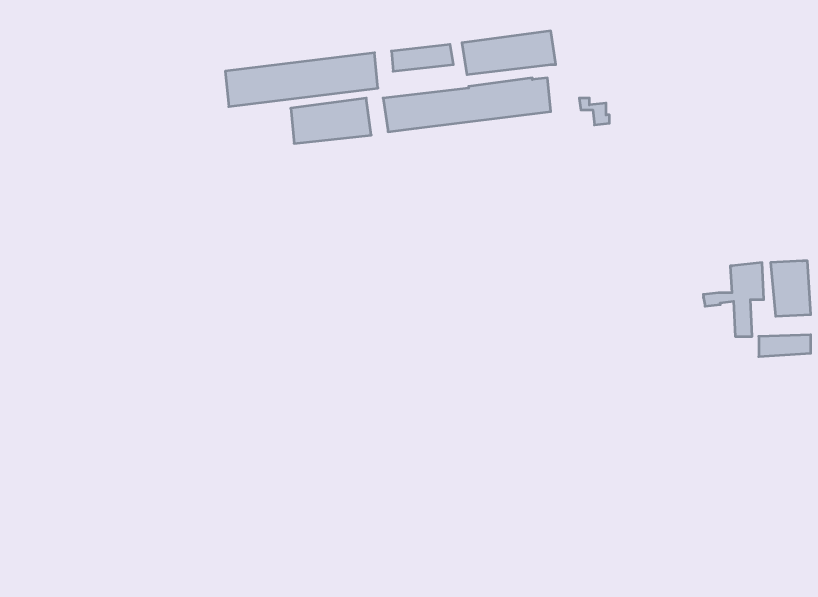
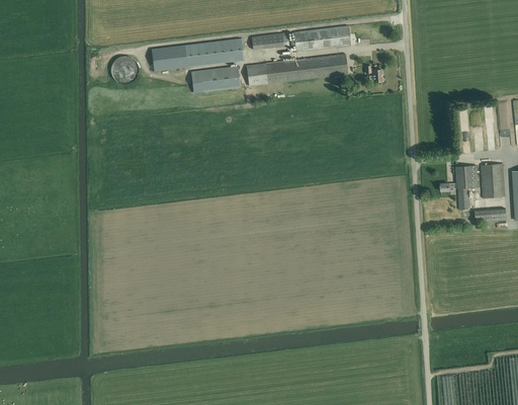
building: none -> [112,55,139,81]

